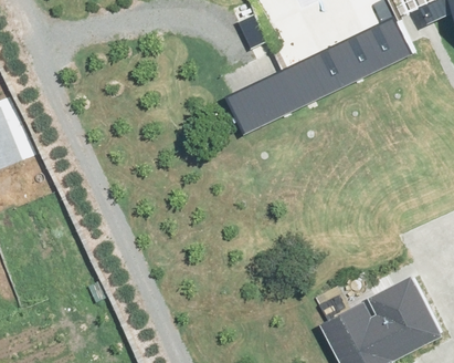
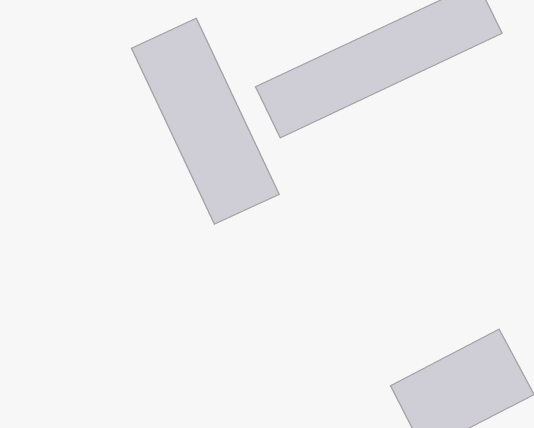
building: none -> [132,18,279,224]

